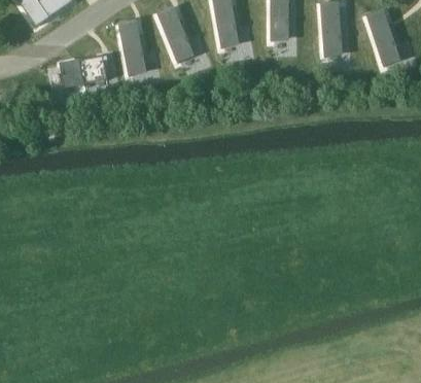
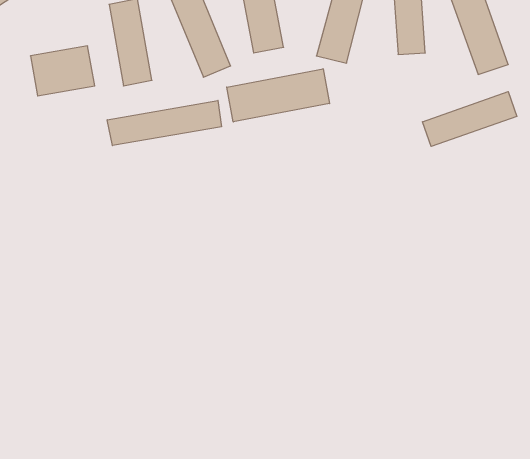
building: none -> [227,69,330,122]
building: none -> [422,92,517,146]
building: none -> [107,100,221,146]

